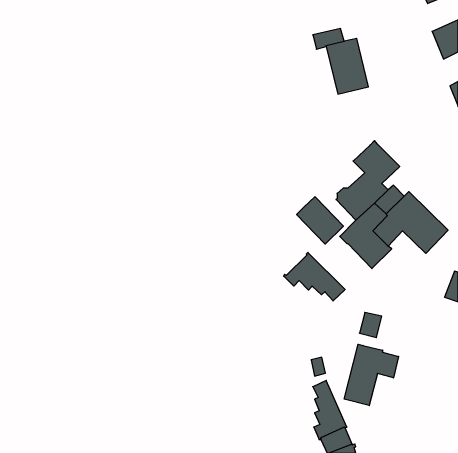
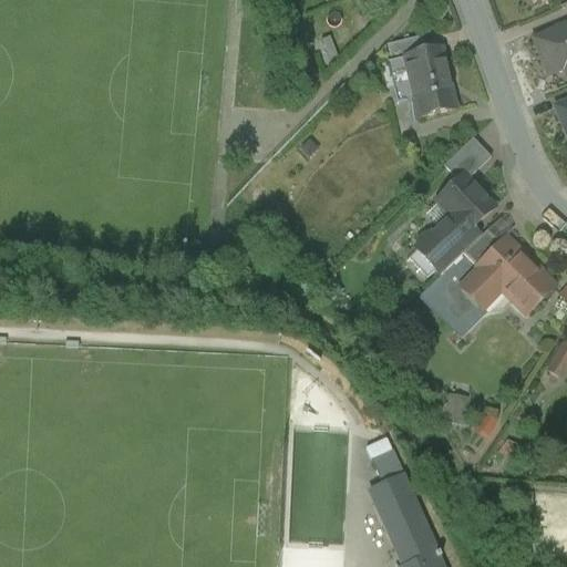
building: none -> [443,137,491,179]
building: [297,197,343,244] -> none
building: [284,252,345,301] -> none
building: [344,344,399,406] -> none

